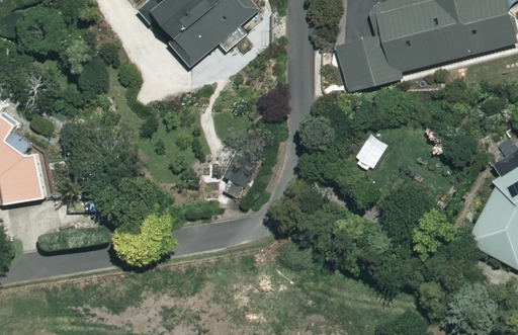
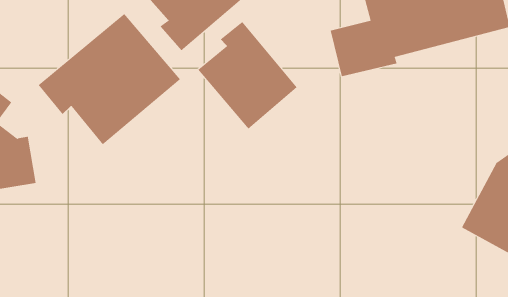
building: none -> [38,13,181,145]
building: none -> [198,21,298,130]

